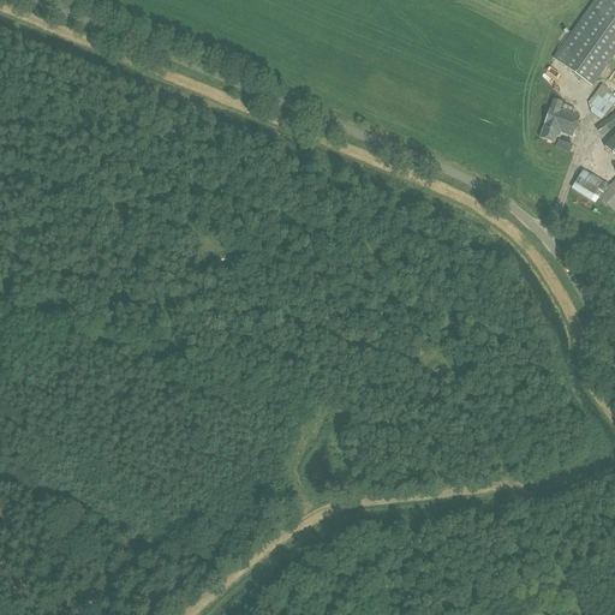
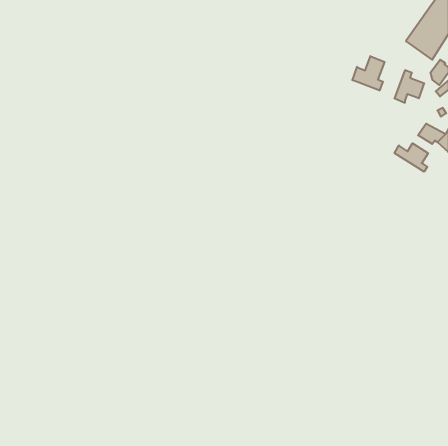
building: none -> [352,56,385,90]
building: none -> [395,143,428,172]

